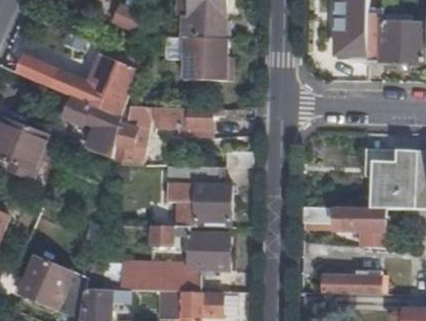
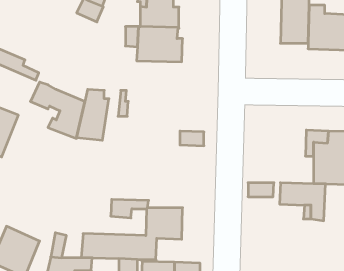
building: [81,55,135,117] -> none
building: [177,105,211,132] -> none
building: [165,164,231,227] -> none
building: [323,270,379,294] -> none

